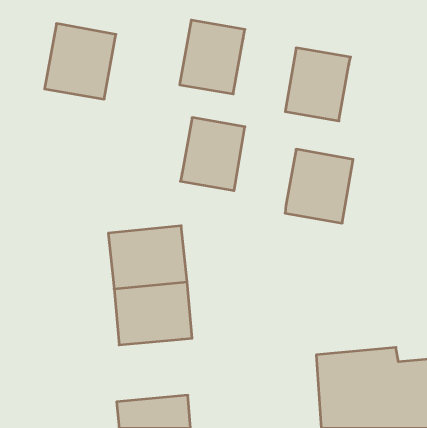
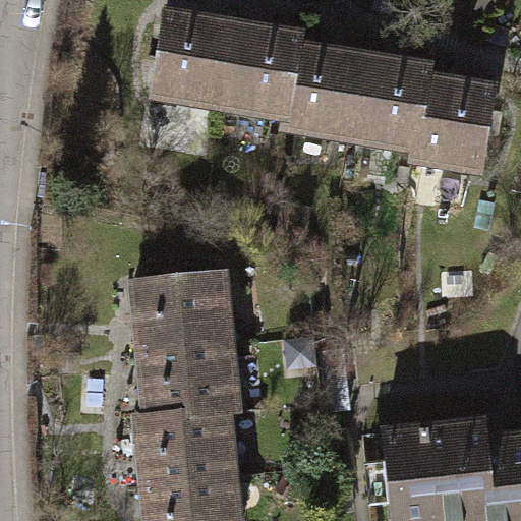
building: [45,24,116,99] -> [148,11,234,103]
building: [180,118,245,191] -> [283,47,361,135]
building: [285,149,353,223] -> [412,78,495,168]
building: none -> [137,411,230,487]

